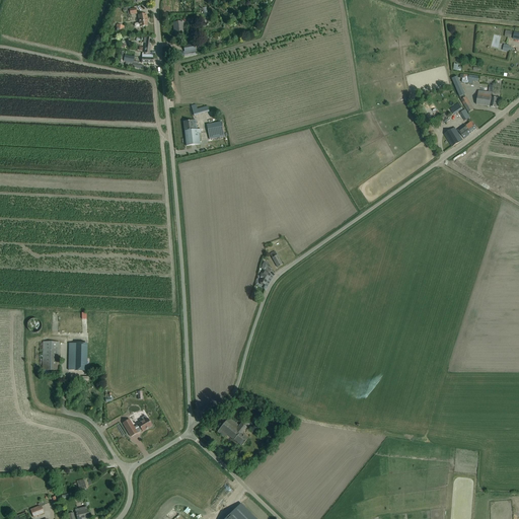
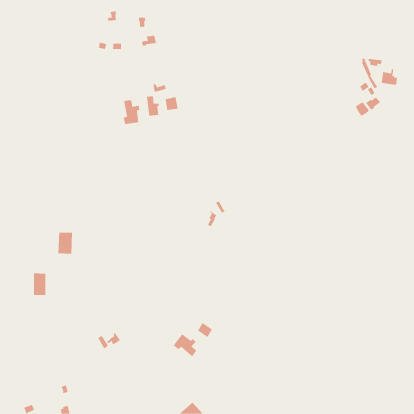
building: none -> [123,99,140,125]
building: [67,343,86,370] -> [58,232,73,254]

